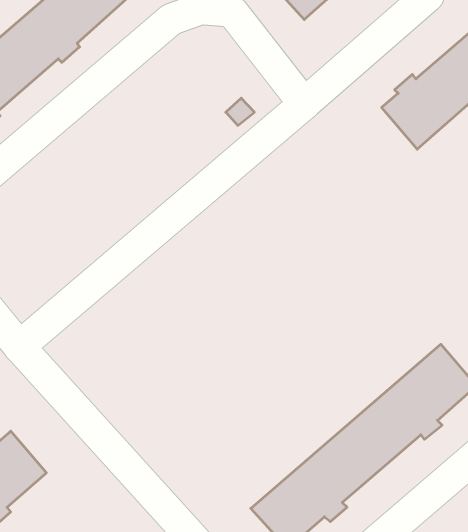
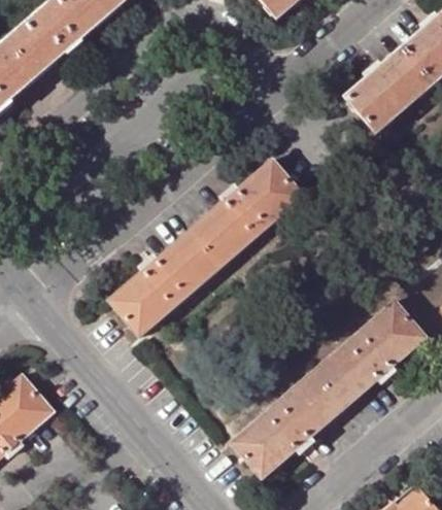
building: none -> [107,158,304,337]

